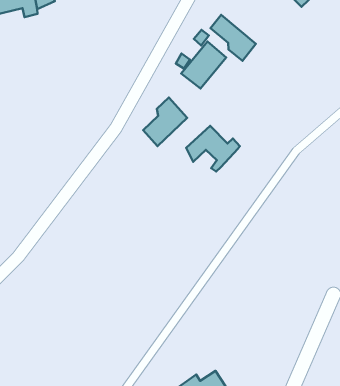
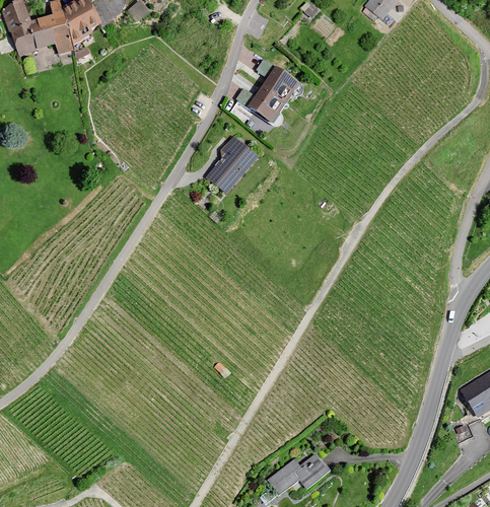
building: [211,15,256,61] -> none
building: [186,126,240,172] -> none

